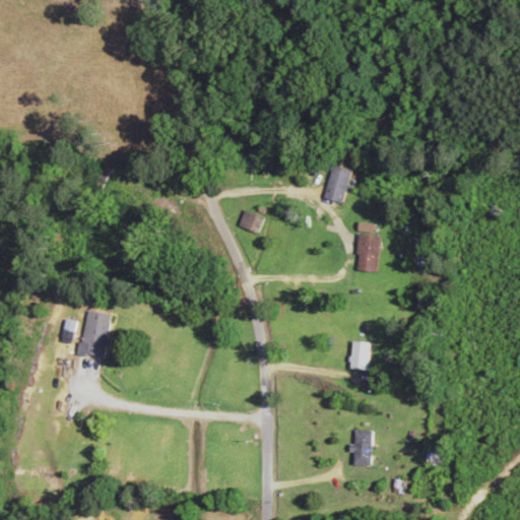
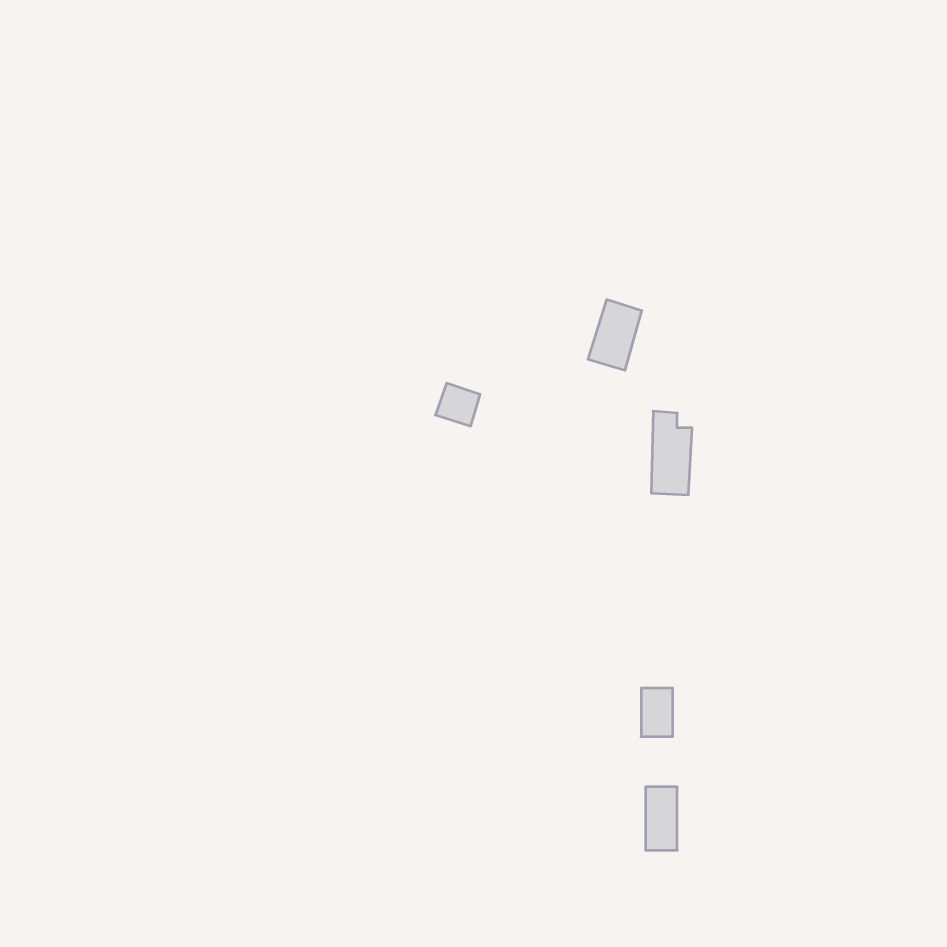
building: [78,309,113,356] -> none
building: [351,341,369,368] -> [641,688,673,737]

